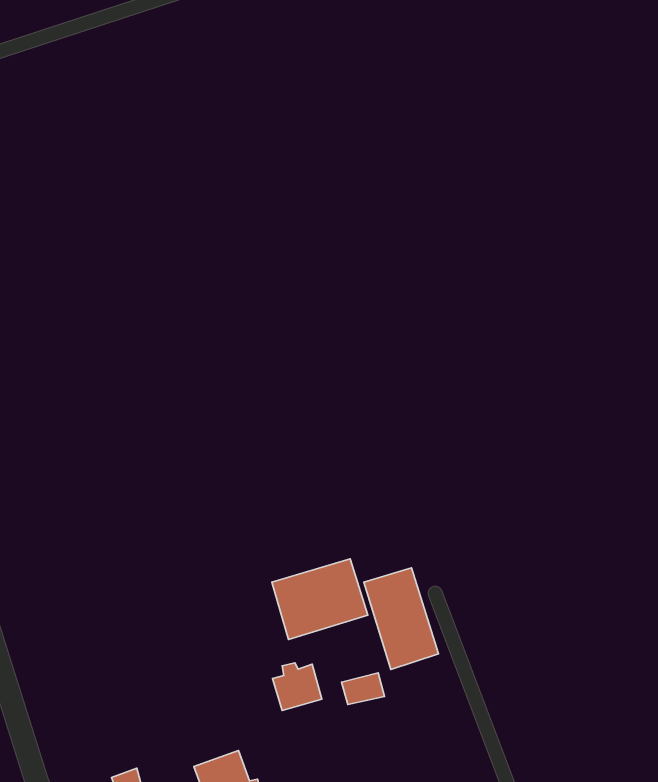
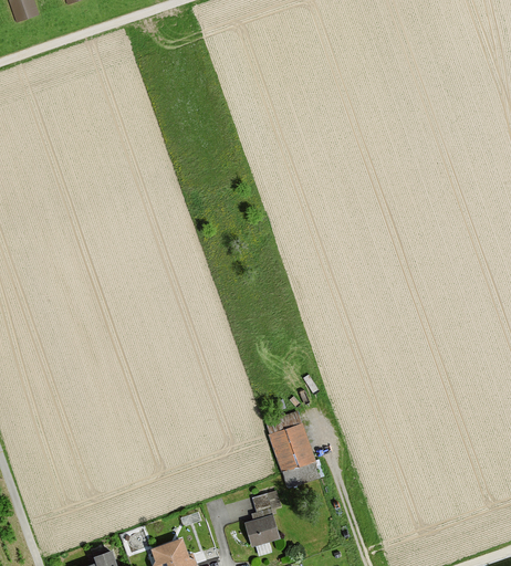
building: [272,559,368,640] -> none
building: [273,663,322,710] -> [244,515,279,548]

